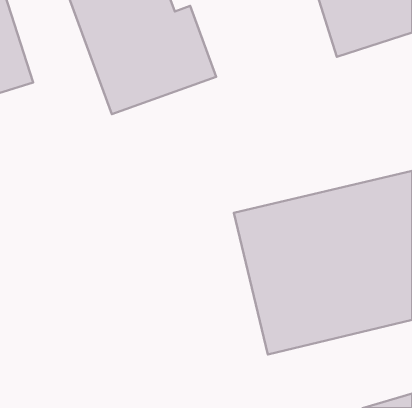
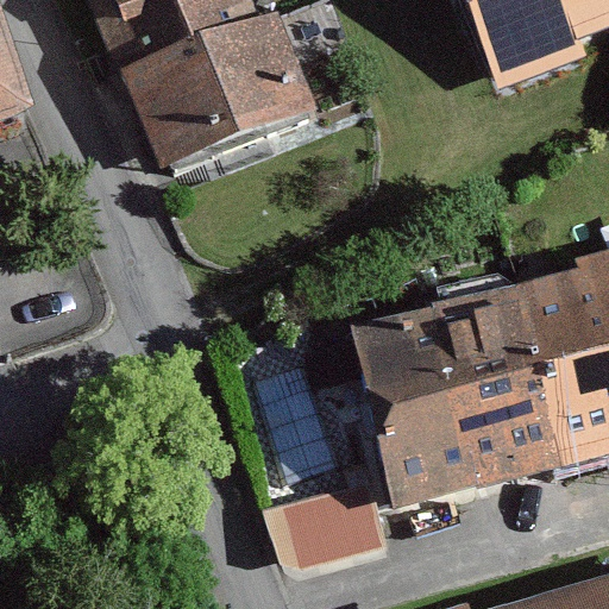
building: none -> [265,473,382,561]

